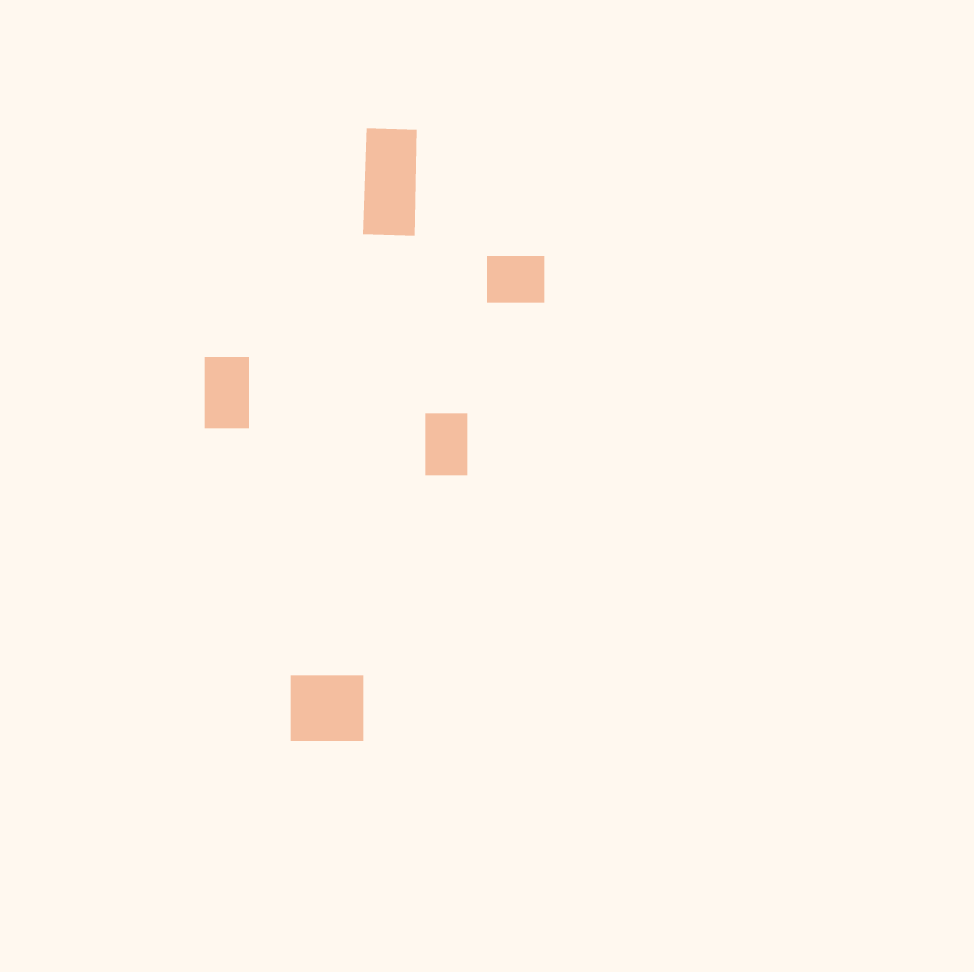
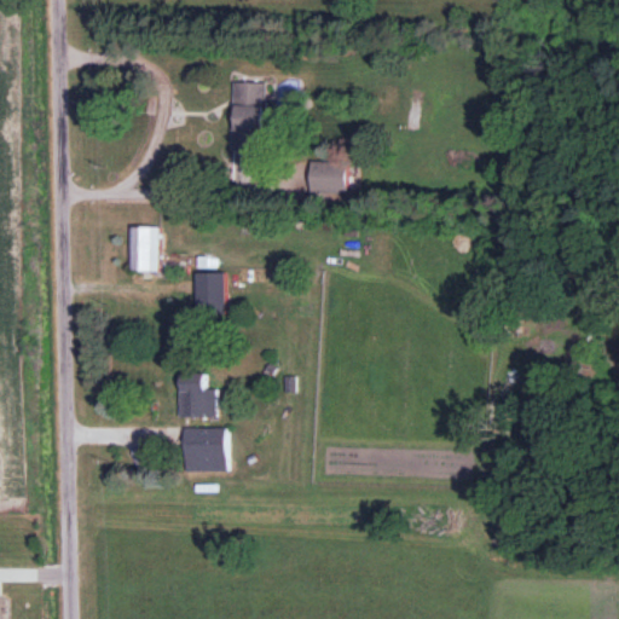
building: [424,413,468,476] -> [196,273,224,313]
building: none -> [178,374,216,417]

